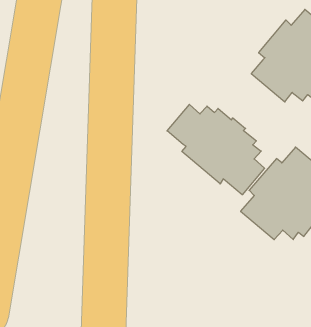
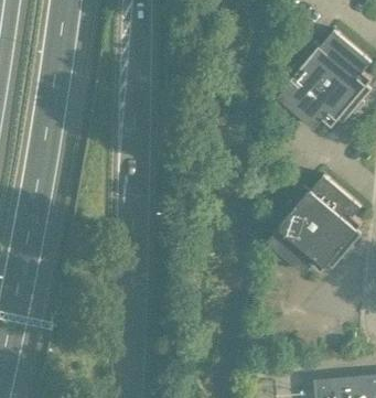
building: [167,104,265,195] -> none

